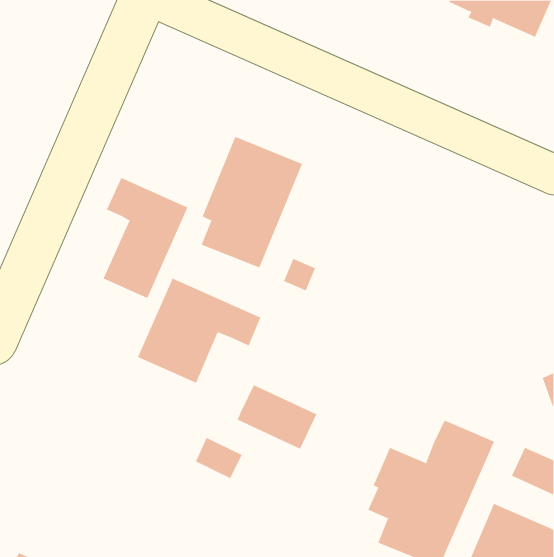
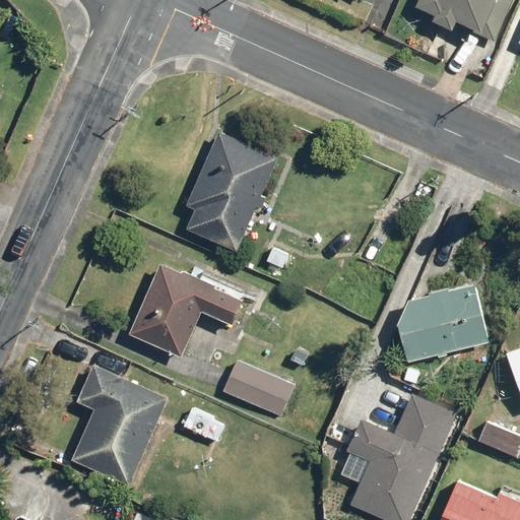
building: [103,177,188,299] -> none
building: none -> [397,280,491,372]
building: none -> [70,362,169,488]

